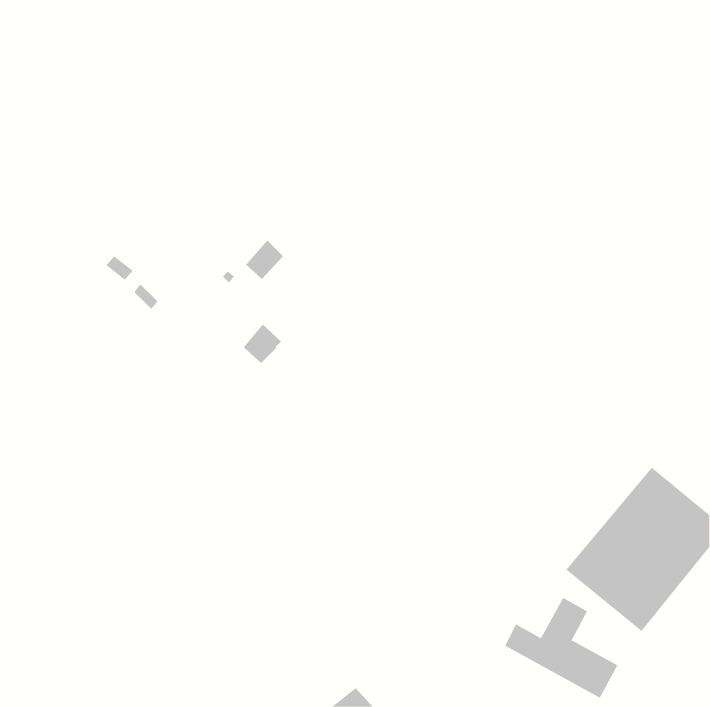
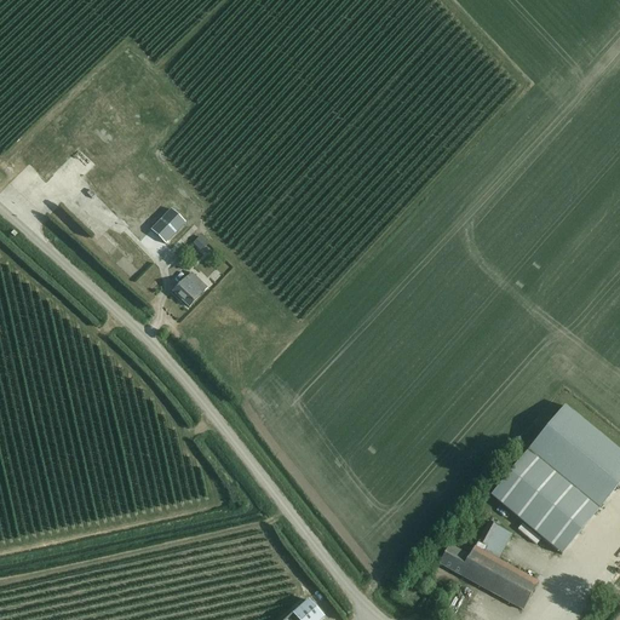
building: [245,240,284,280] -> [151,207,185,242]
building: [243,323,282,364] -> [173,270,207,305]

